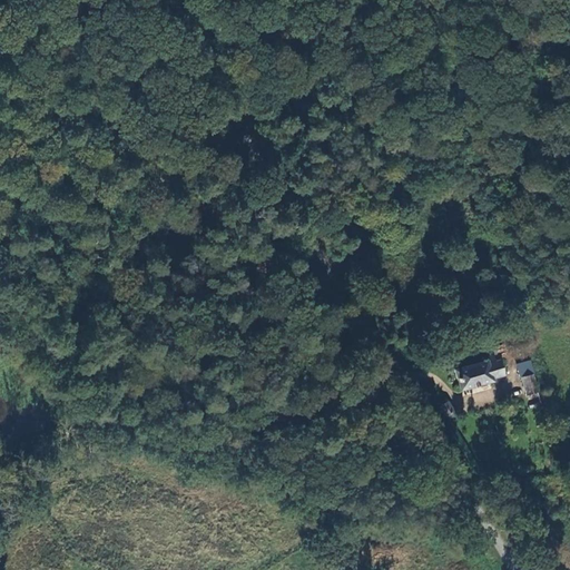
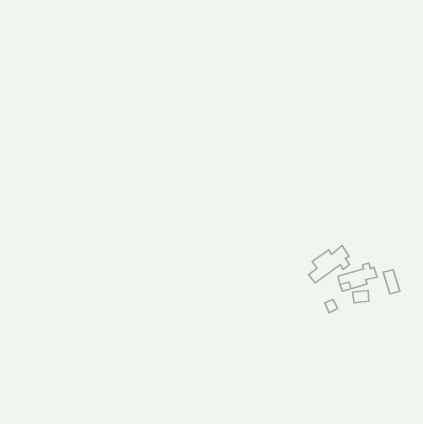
building: none -> [308,246,349,283]

